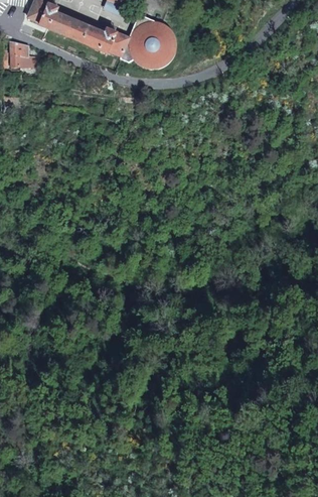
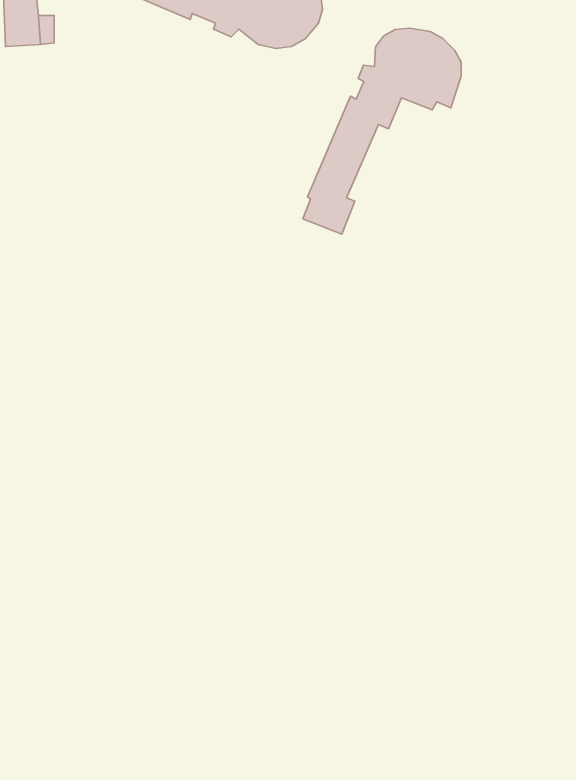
building: none -> [303,28,461,234]

